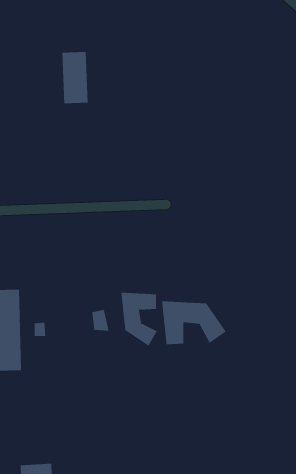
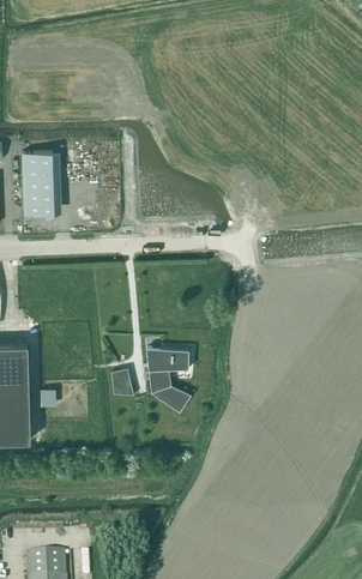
building: [61,51,89,104] -> [23,152,55,215]
building: [162,300,227,345] -> none

